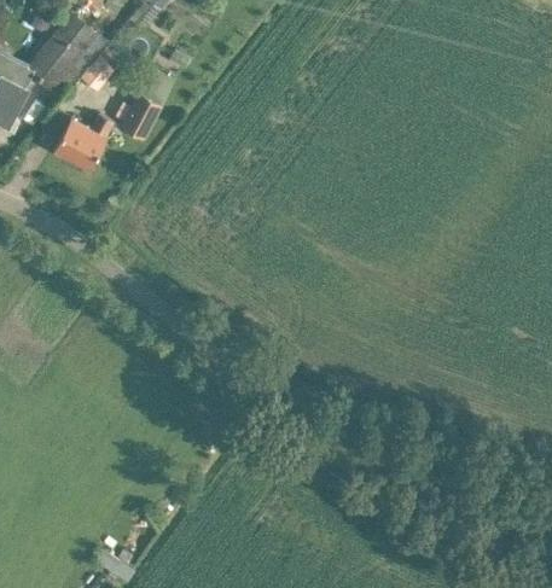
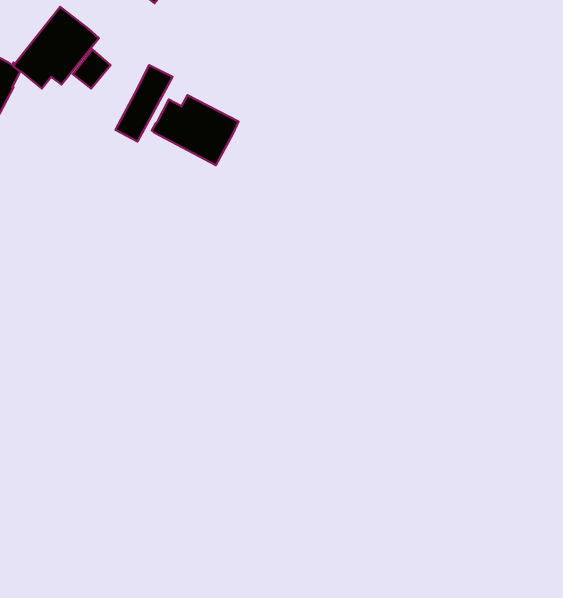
building: none -> [152,95,239,165]
building: [54,115,112,168] -> none

